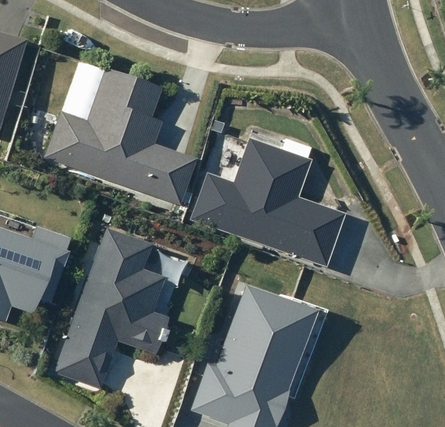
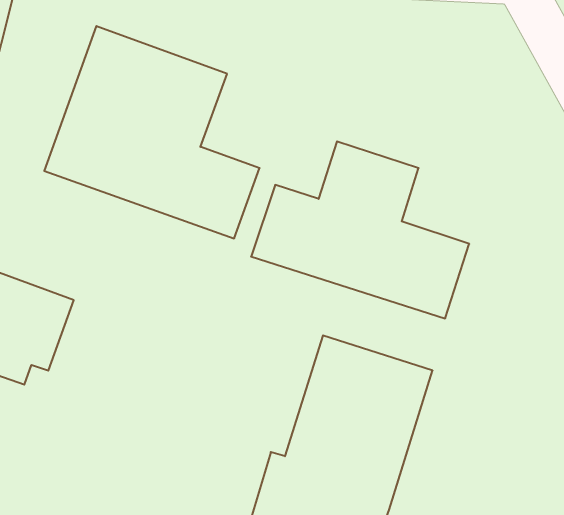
building: [54,230,169,388] -> none

